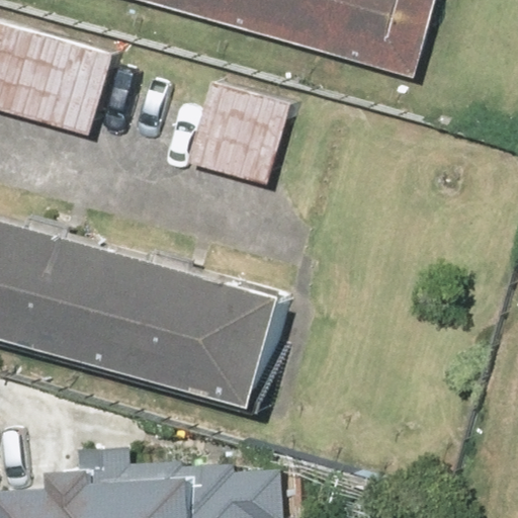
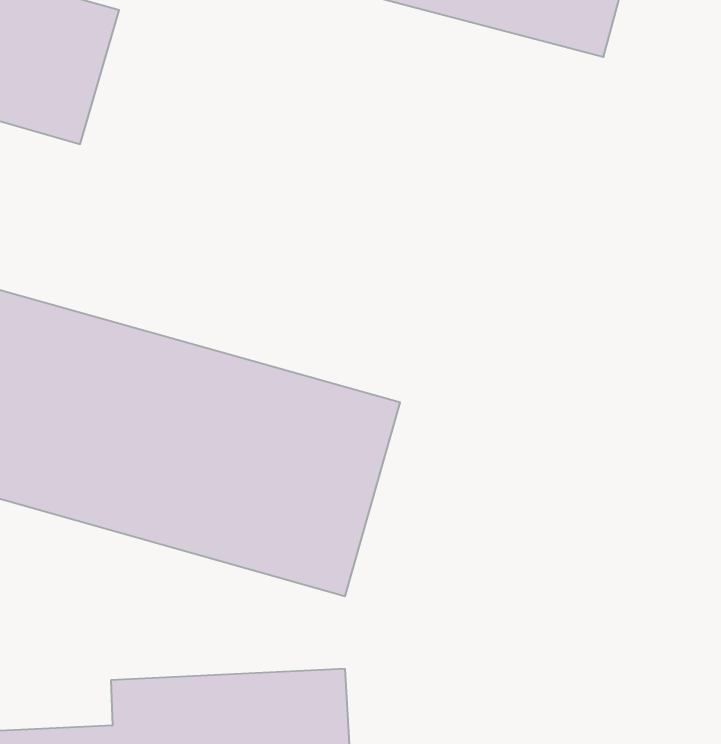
building: [186,76,293,185] -> none

